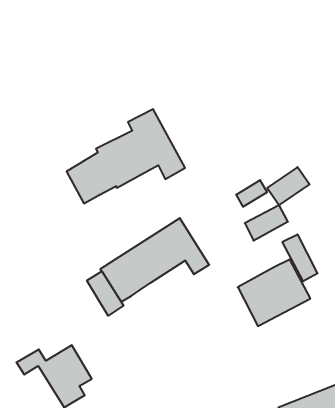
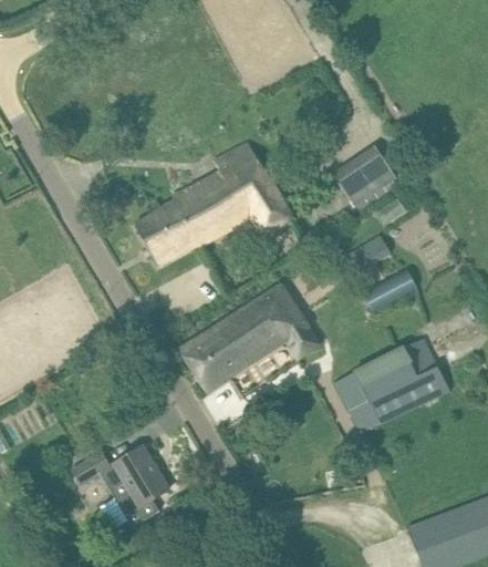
building: [267,167,310,205] -> [340,155,394,204]
building: [282,234,318,281] -> [335,372,381,432]
building: [87,271,123,316] -> none

